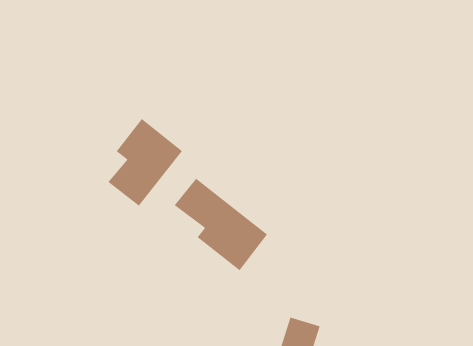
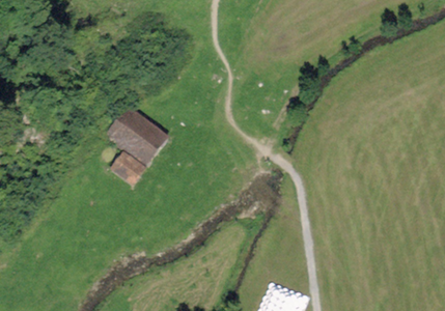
building: [174,178,268,271] -> none

